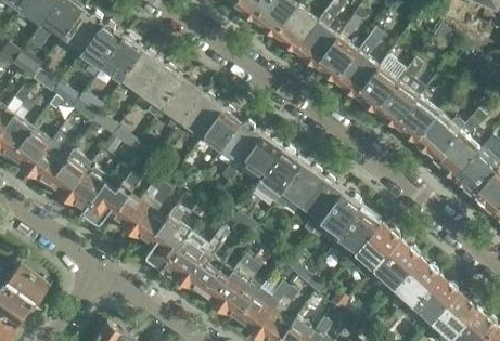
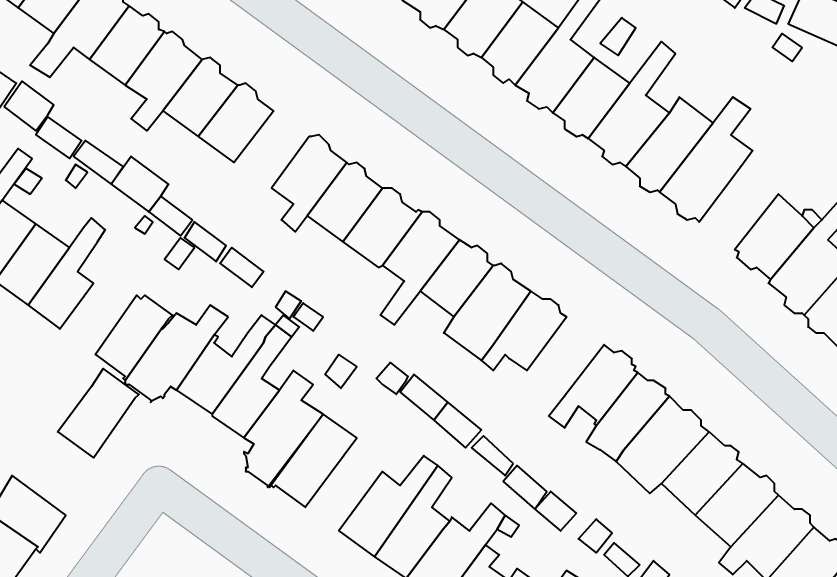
building: [141,66,182,116] -> none
building: [396,96,439,142] -> none
building: [46,150,90,199] -> [58,369,139,458]
building: [302,178,344,233] -> none
building: [180,226,229,296] -> none

